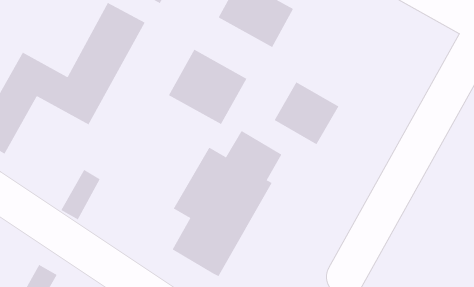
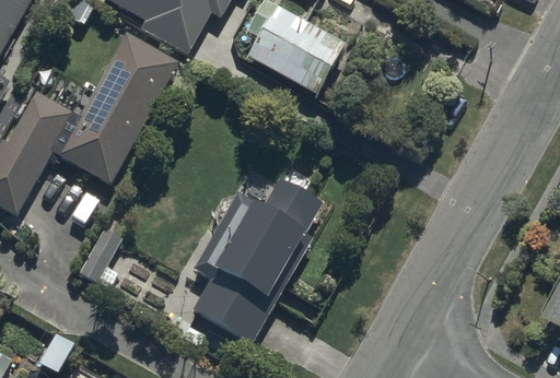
building: [168,49,247,125] -> none
building: [274,82,339,145] -> none

